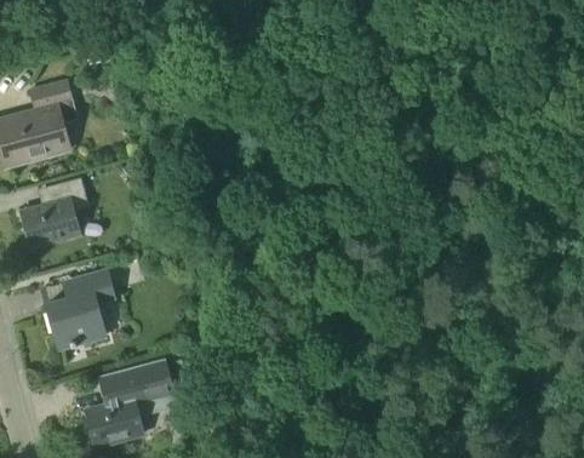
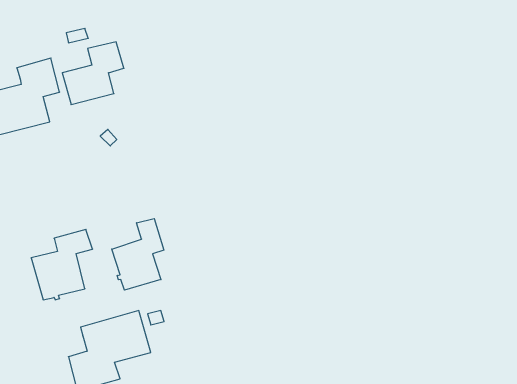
building: [21,177,88,246] -> [62,42,124,105]
building: none -> [112,219,164,290]

